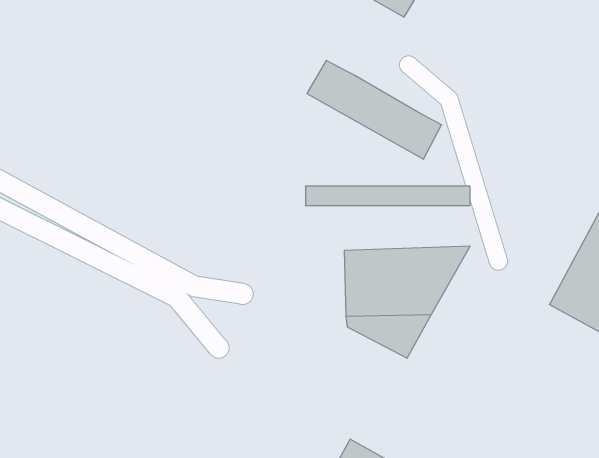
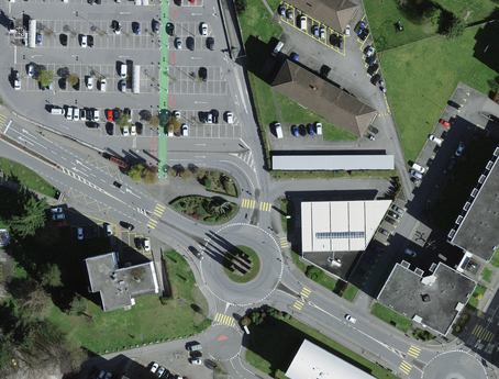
building: none -> [82,249,156,309]
building: none -> [381,259,479,333]

